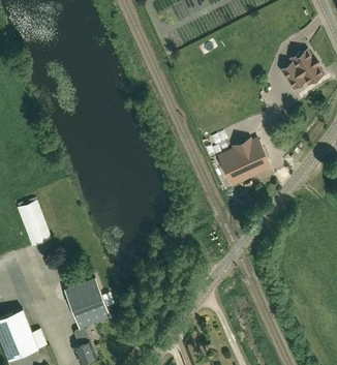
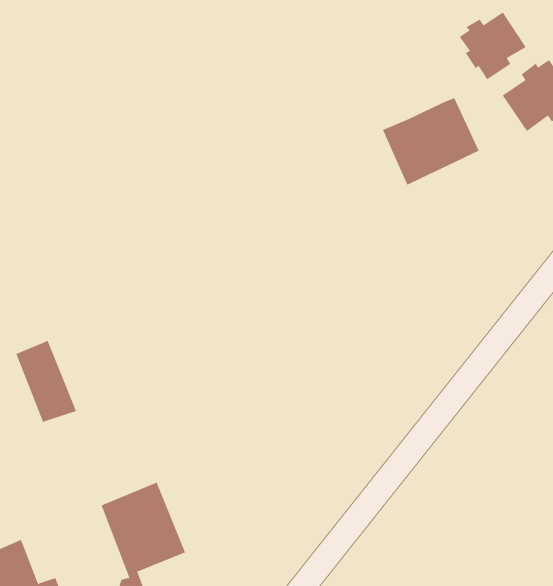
building: none -> [459,11,526,80]
building: [218,139,271,186] -> [382,97,480,185]

